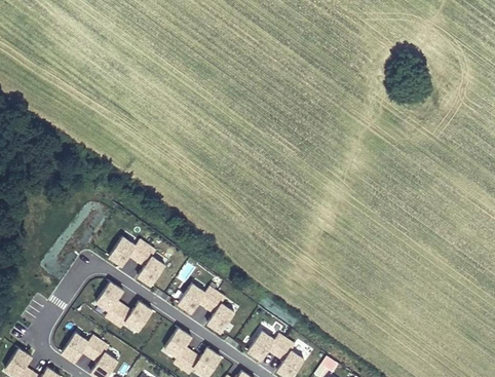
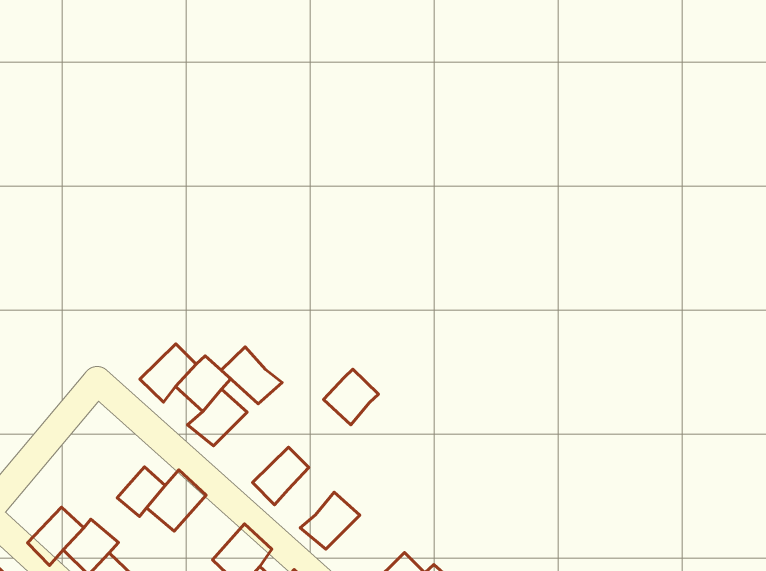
building: none -> [221,347,282,404]
building: [92,282,124,315] -> none
building: [196,286,225,315] -> [324,369,378,425]

